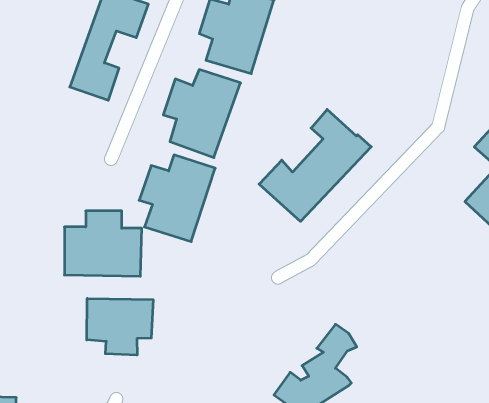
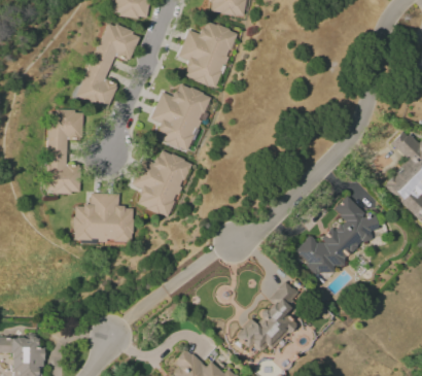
building: none -> [46,110,83,194]
building: [259,109,371,221] -> [293,196,380,282]
building: [87,298,153,355] -> none

